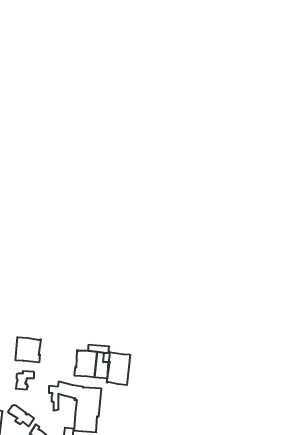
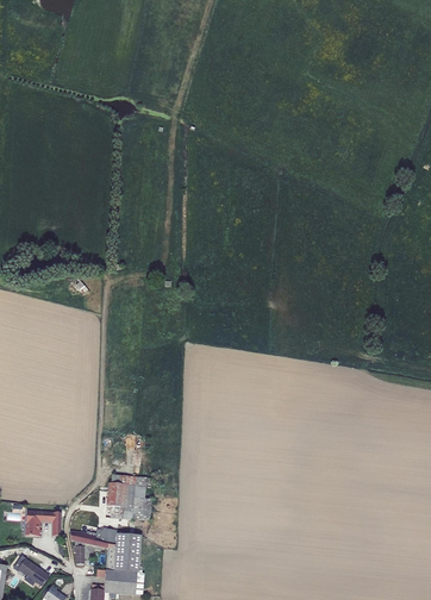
building: [16,337,41,362] -> none
building: [107,352,130,385] -> none

